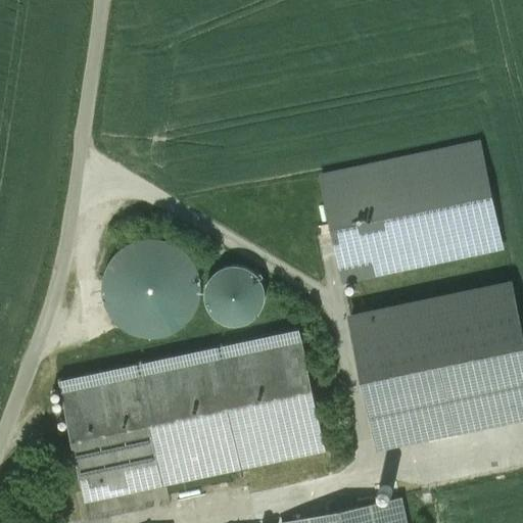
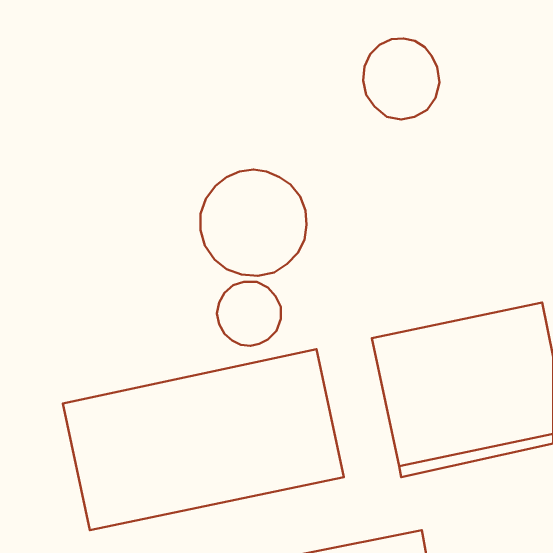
building: none -> [363,38,440,120]
building: [320,146,502,281] -> none
building: [101,239,201,339] -> [200,169,307,276]

